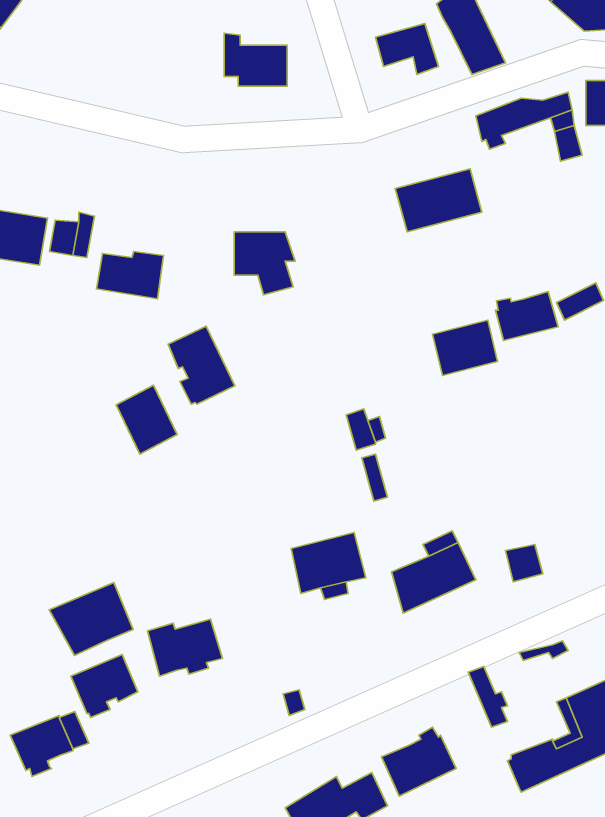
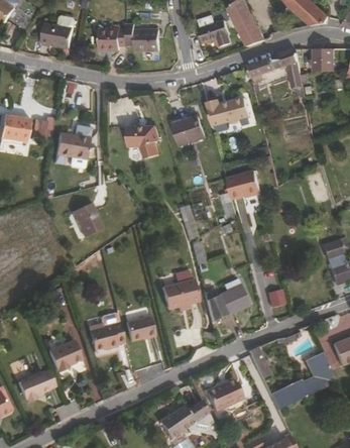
building: none -> [44,21,72,46]
building: none -> [93,28,122,49]
building: none -> [173,115,206,145]
building: [496,292,558,340] -> none
building: [168,326,235,404] -> none
building: [49,583,133,656] -> none
building: none -> [122,317,152,344]

